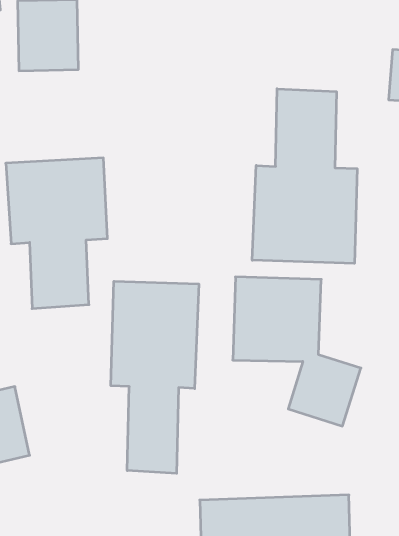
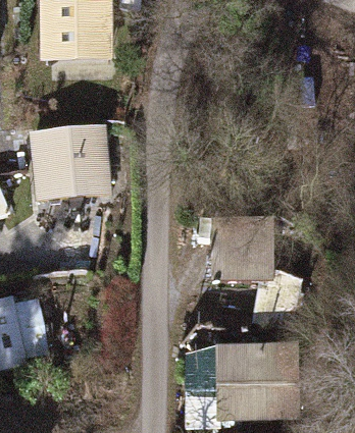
building: [252,89,357,263] -> none
building: [111,281,199,473] -> none

